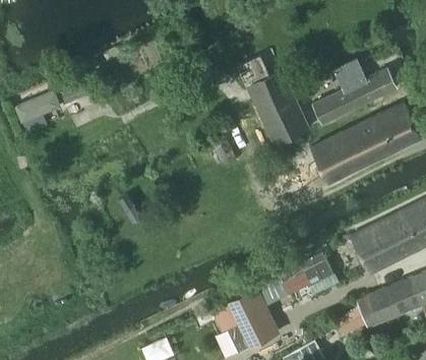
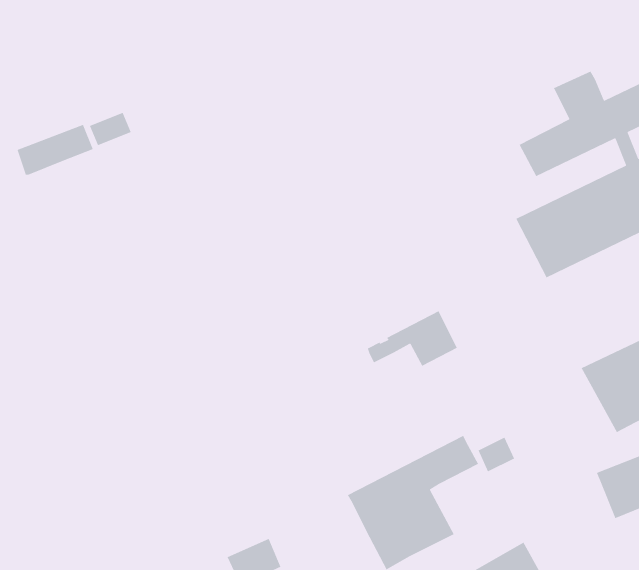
building: [236,51,308,145] -> none
building: [279,251,332,285] -> [367,310,458,367]

